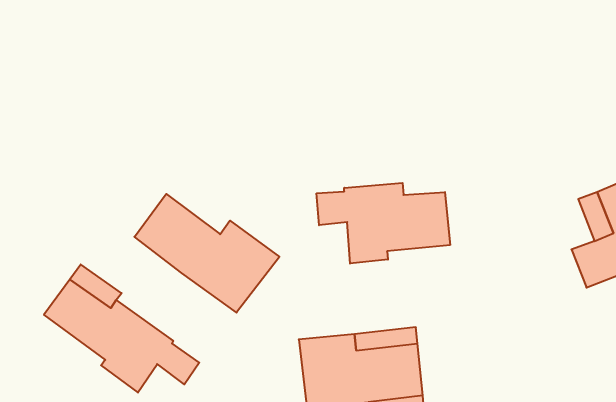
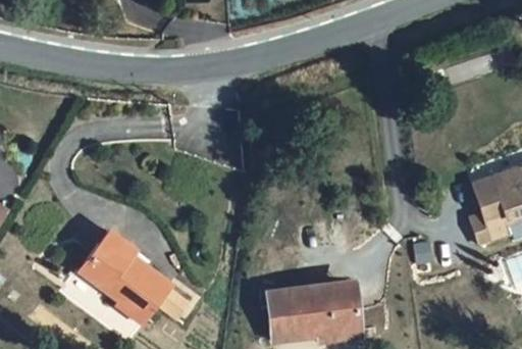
building: [317,183,450,264] -> none
building: [134,194,279,313] -> none

